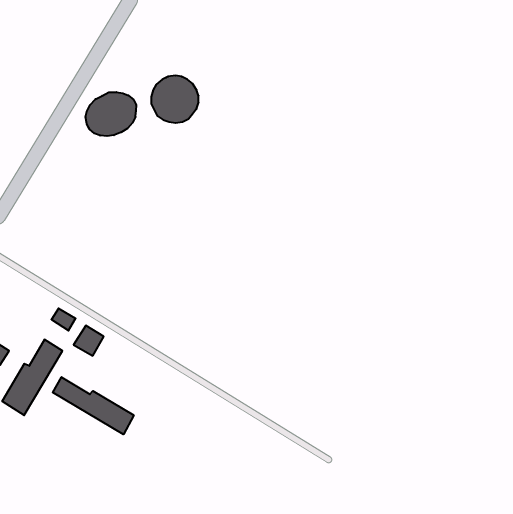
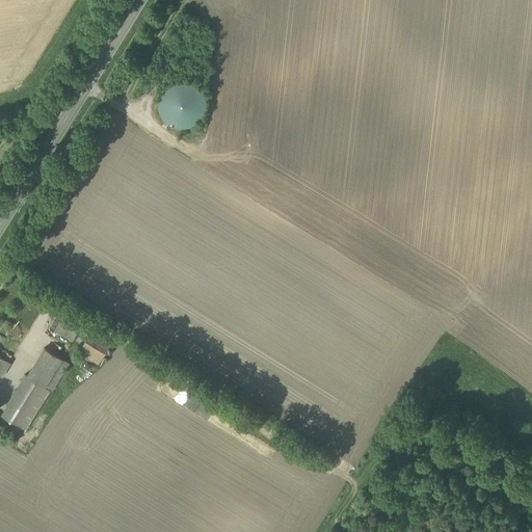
building: [86,92,136,136] -> none
building: [53,377,134,434] -> none

